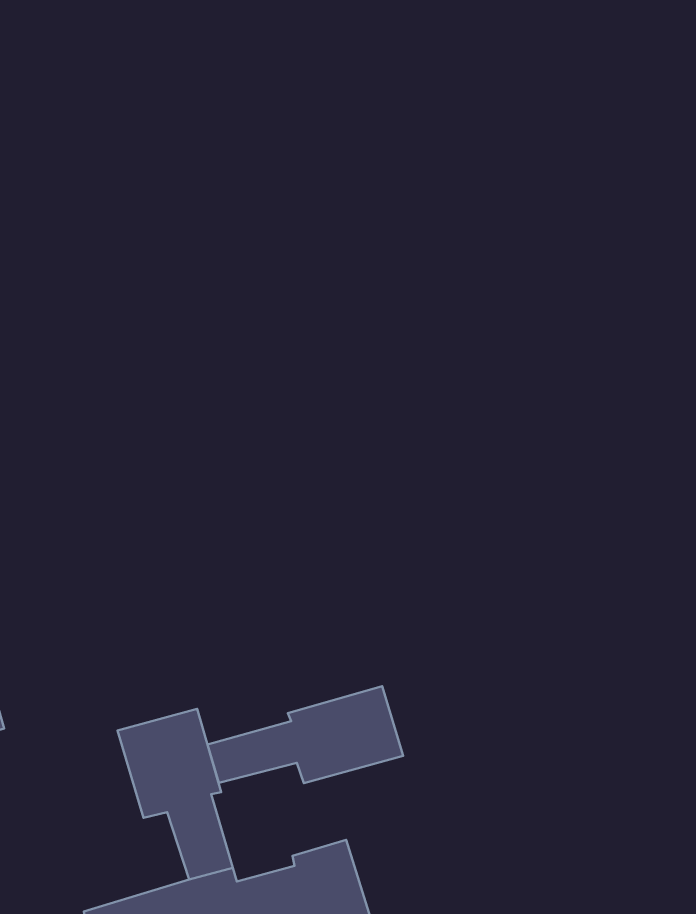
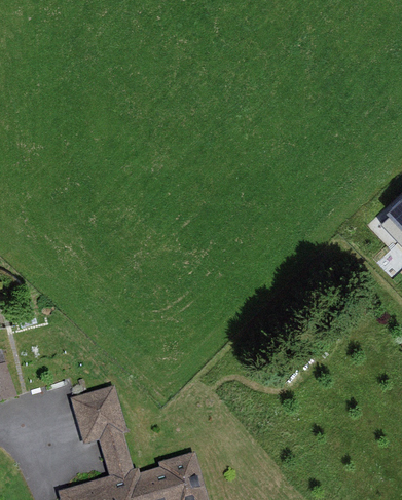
building: [207,686,403,783] -> none

